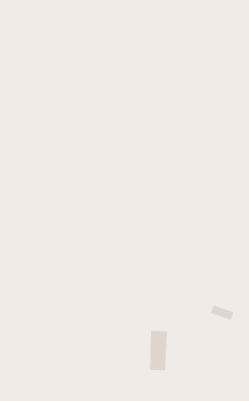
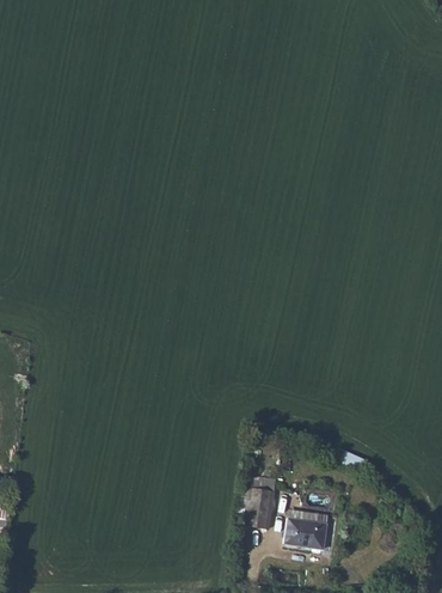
building: none -> [286,518,329,549]

